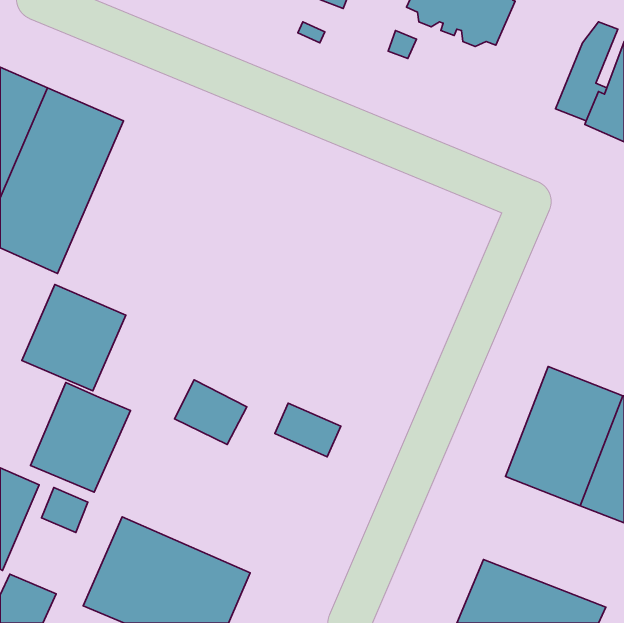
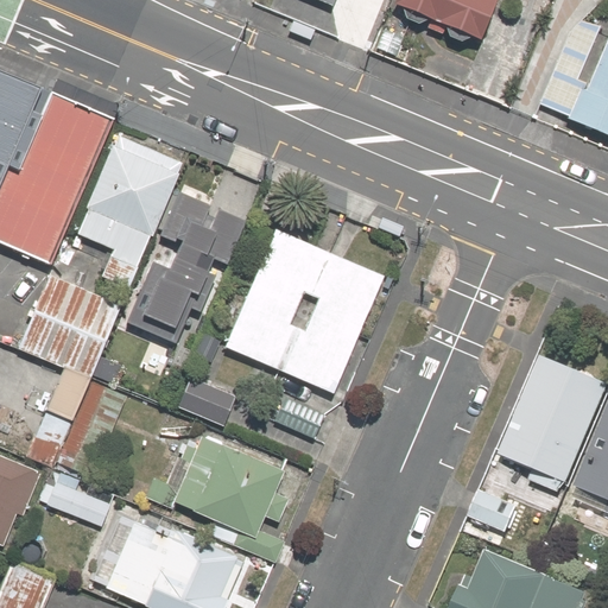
building: none -> [75,135,188,266]
building: none -> [131,195,240,347]
building: none -> [226,229,392,391]
building: none -> [150,425,298,544]

